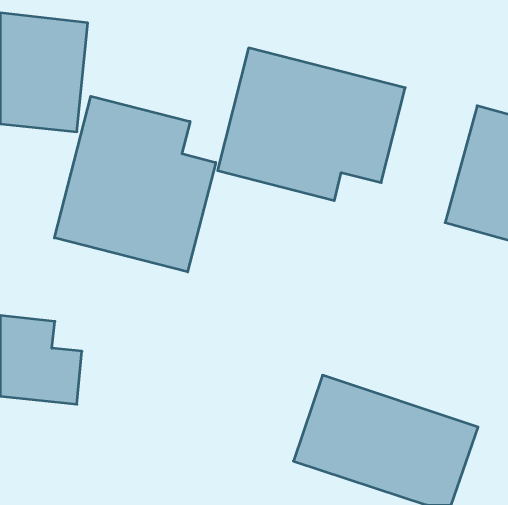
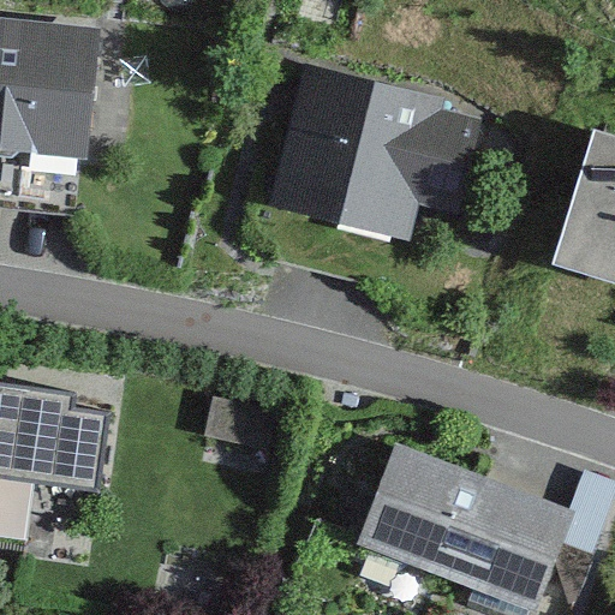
building: [54,96,216,272] -> none

